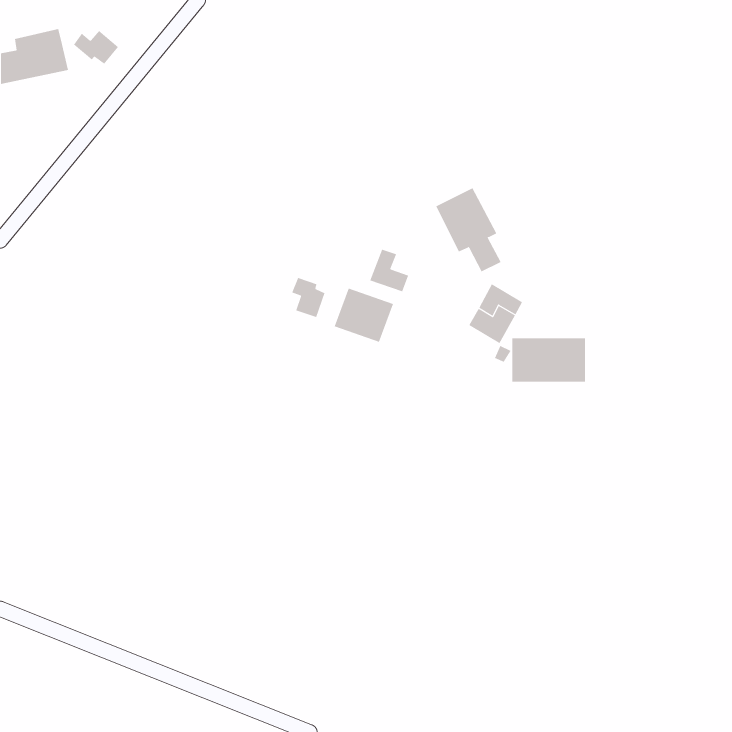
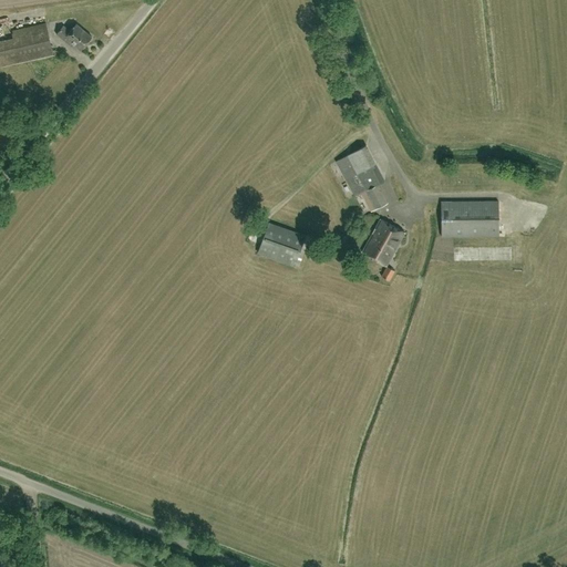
building: [369,249,409,292] -> none
building: [292,277,325,318] -> none
building: [511,338,586,382] -> [441,202,498,236]

